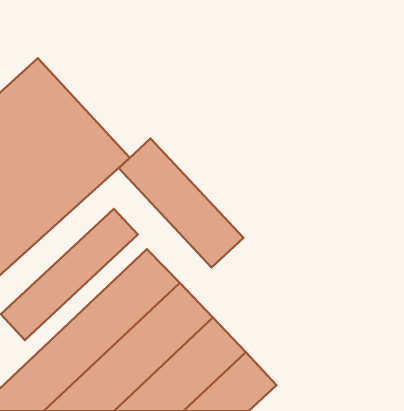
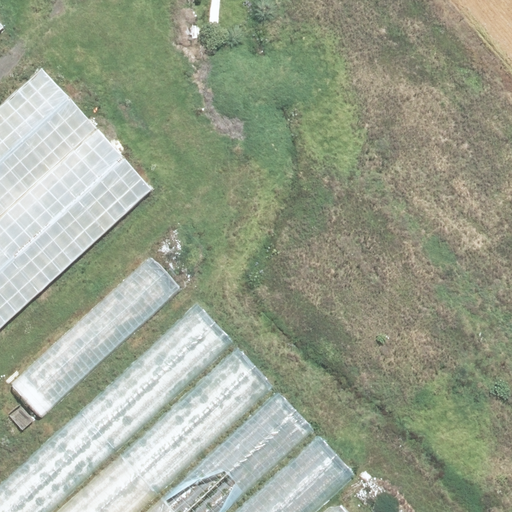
building: [119,139,243,267] -> none

